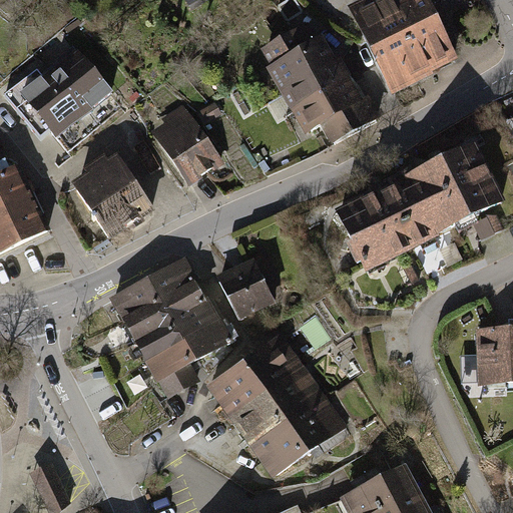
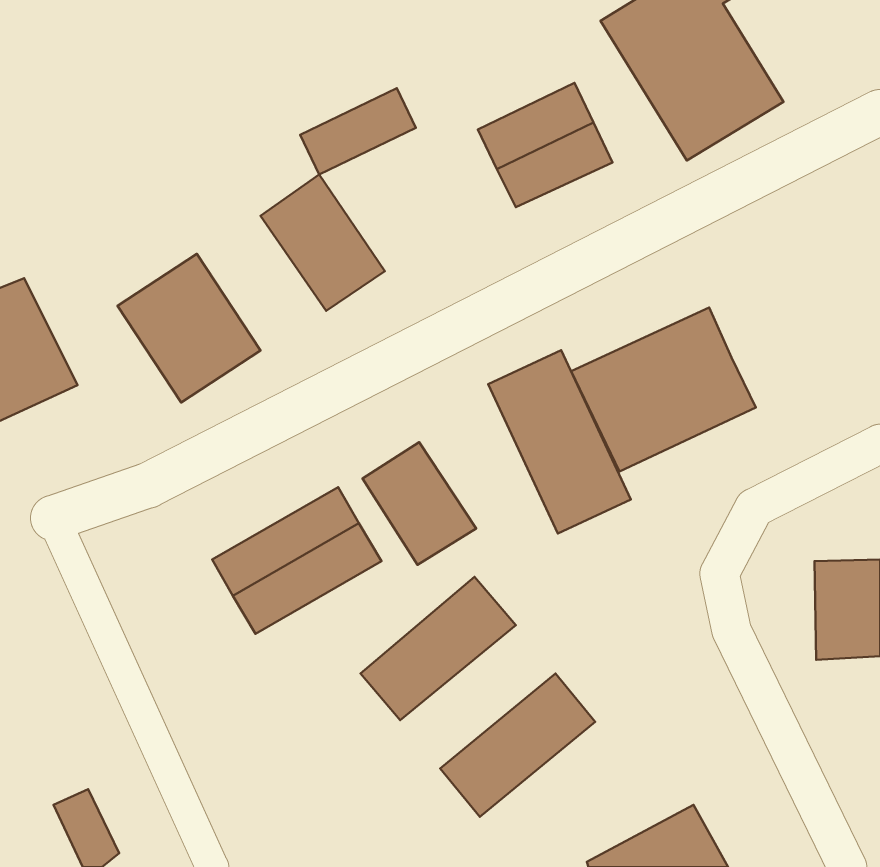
building: [267,25,334,75] -> [300,88,416,174]
building: [18,41,123,145] -> none
building: [300,94,367,143] -> none
building: [412,151,498,236] -> none
building: none -> [488,350,631,534]
building: [110,261,196,325] -> none
building: [148,326,233,389] -> none
building: [232,363,323,446] -> none

